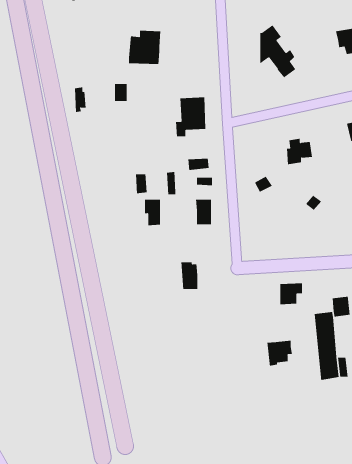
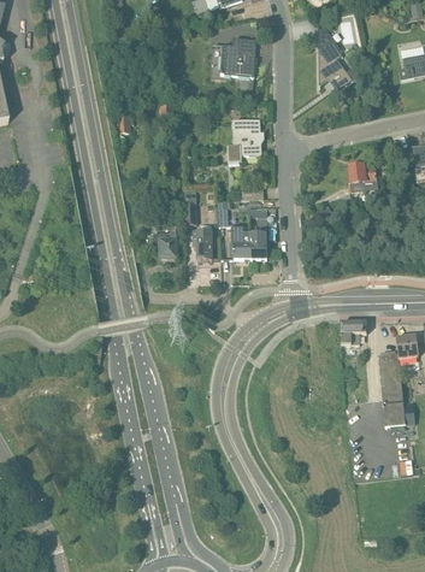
building: [128,30,161,65] -> [219,39,255,76]
building: none -> [152,231,177,259]
building: [180,262,198,290] -> [230,228,249,258]
building: [267,340,292,367] -> none

